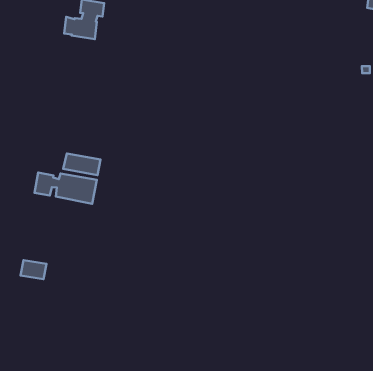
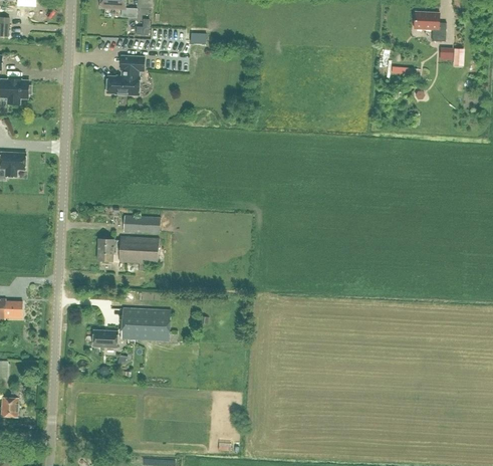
building: none -> [120,308,170,343]

